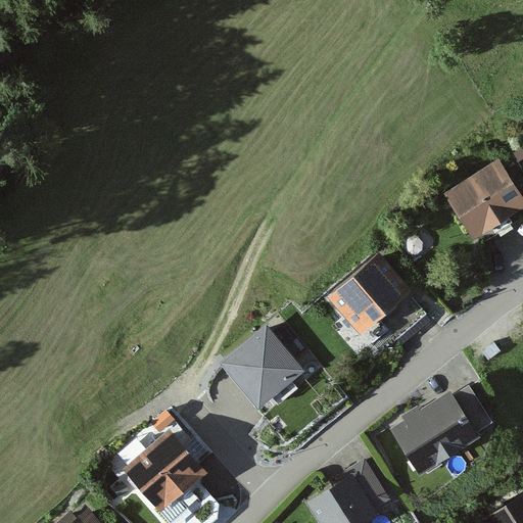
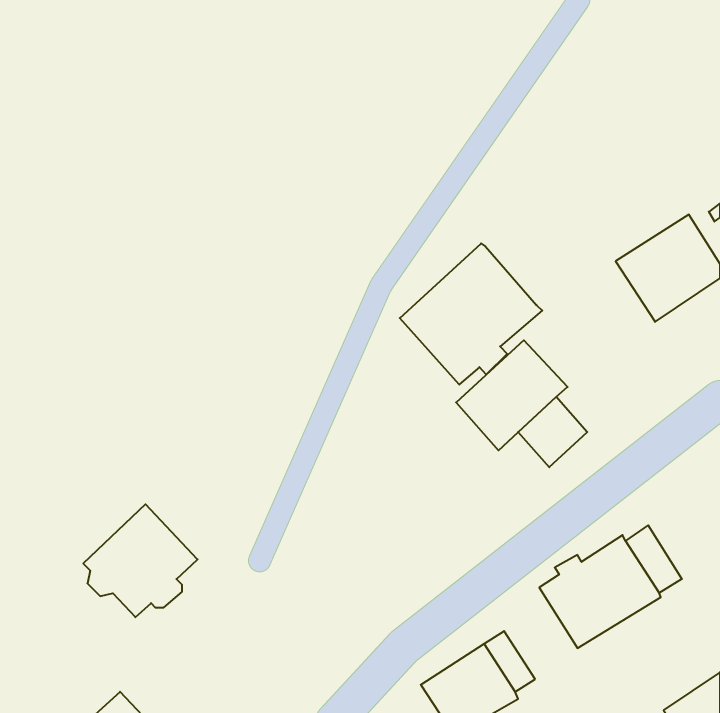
building: none -> [400,243,542,385]
building: [221,326,304,409] -> none
building: [124,427,206,509] -> [83,504,198,617]

